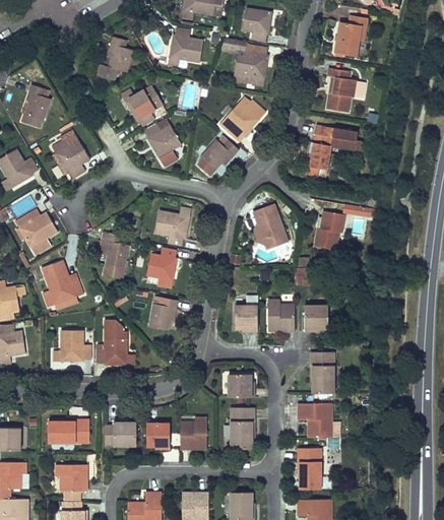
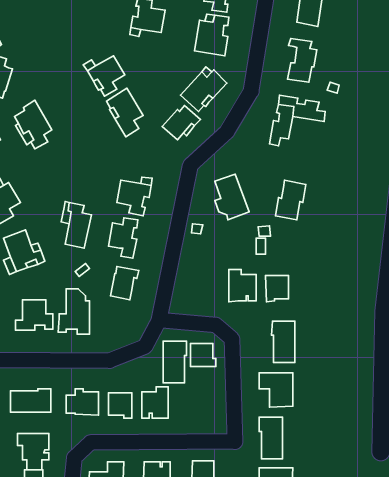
building: [98,37,133,80] -> none
building: [234,305,257,331] -> none
building: [231,407,254,449] -> [163,341,187,383]

